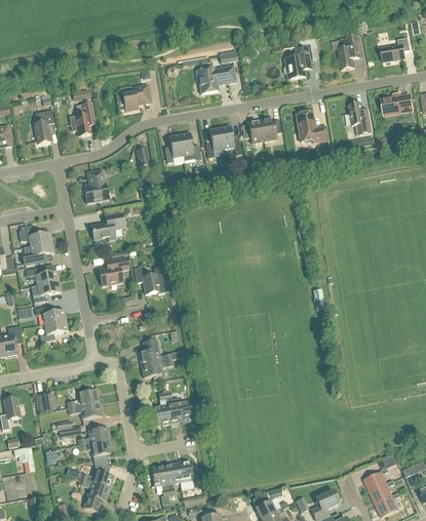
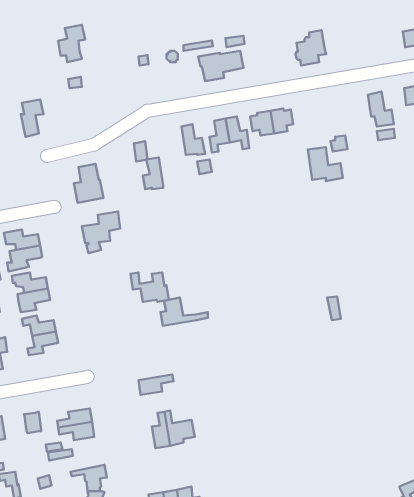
building: [339,35,358,69] -> none
building: [121,84,150,110] -> none
building: [70,102,94,135] -> [58,25,85,62]
building: [296,111,327,142] -> [308,147,343,181]
building: [165,133,184,162] -> [143,157,163,189]
building: [98,254,128,285] -> none
building: [139,337,182,363] -> [160,297,208,326]
building: [78,426,110,446] -> none

